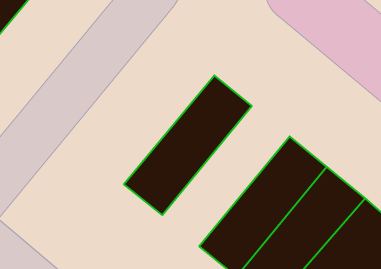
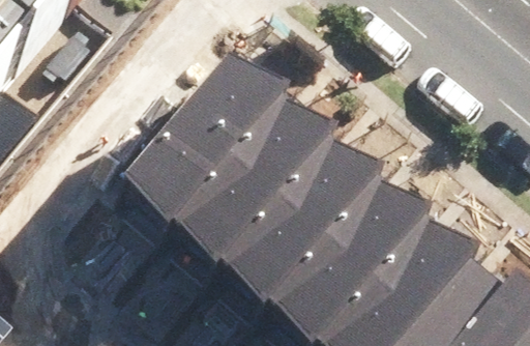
building: none -> [143,66,299,238]
building: none -> [235,142,391,314]

